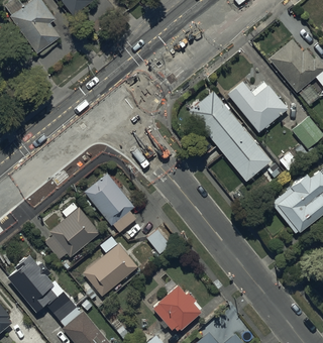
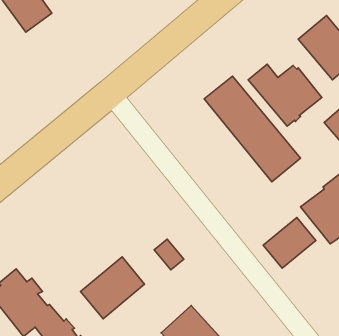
building: [84,174,136,233] -> none
building: [43,204,100,259] -> none
building: none -> [263,218,316,268]

